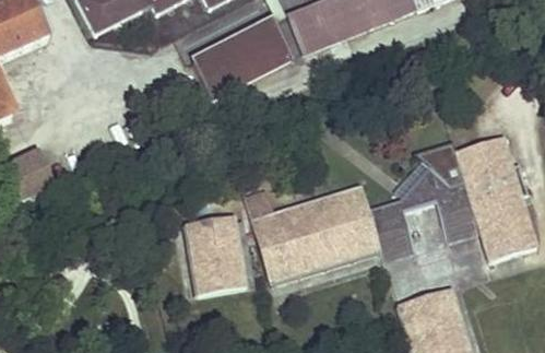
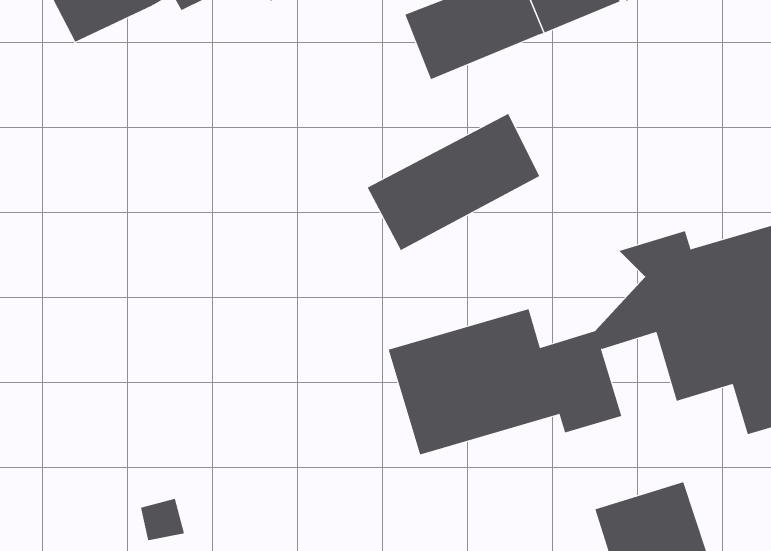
building: [192,16,294,97] -> [367,113,540,251]
building: [251,210,297,281] -> none
building: [186,215,247,294] -> none

